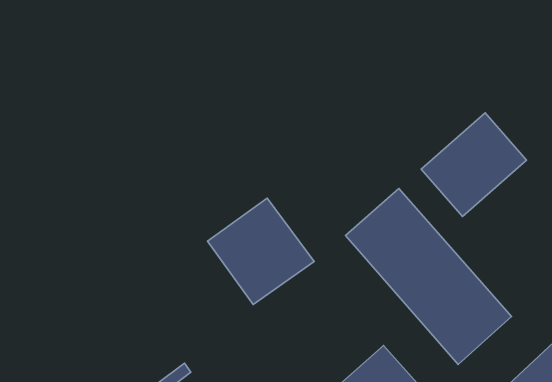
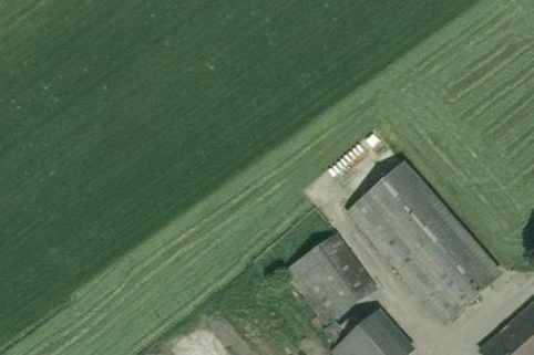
building: [421,113,526,216] -> none
building: [208,198,314,305] -> [286,230,379,323]

